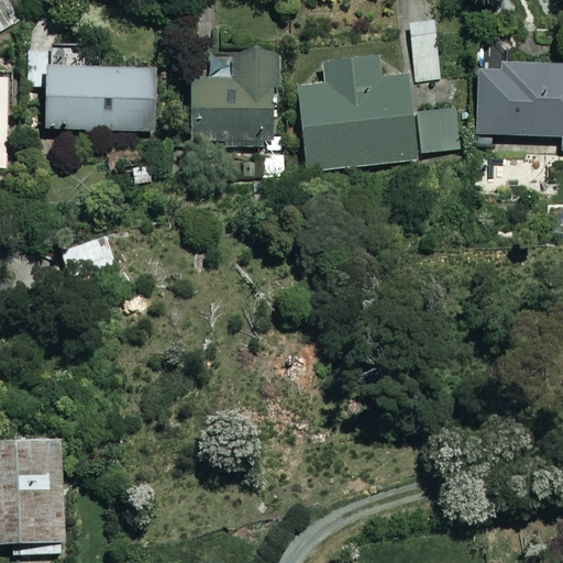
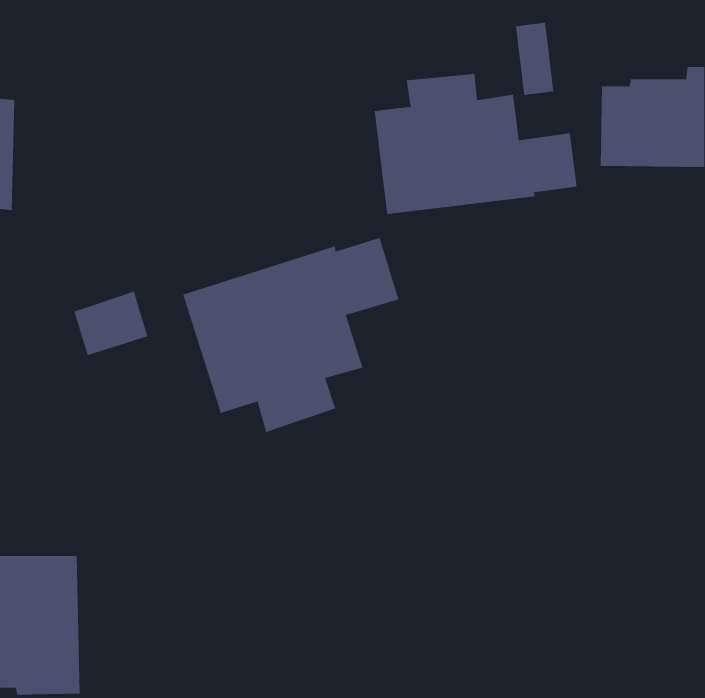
building: [191,52,277,139] -> none
building: [44,68,153,128] -> none
building: none -> [182,237,399,433]

